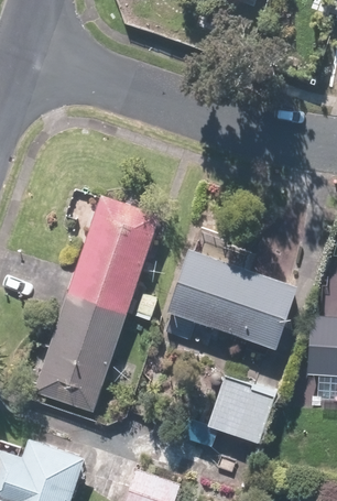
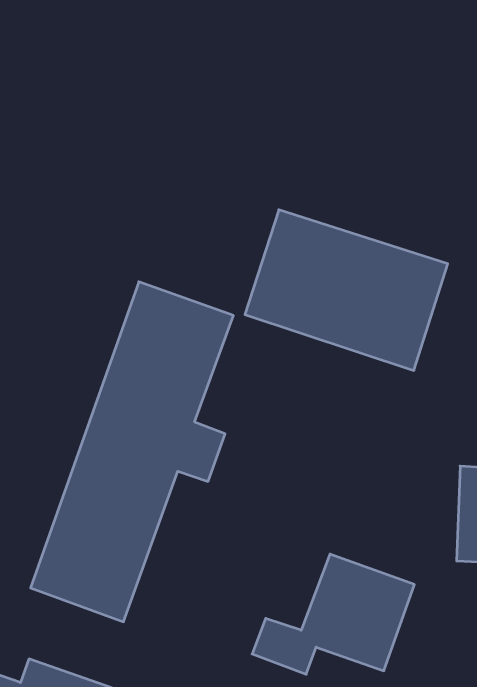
building: [168,244,301,349] -> [245,210,448,370]

